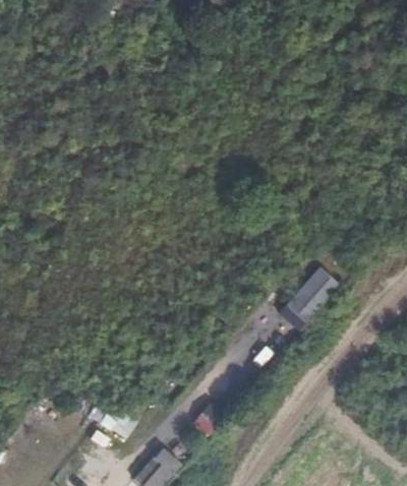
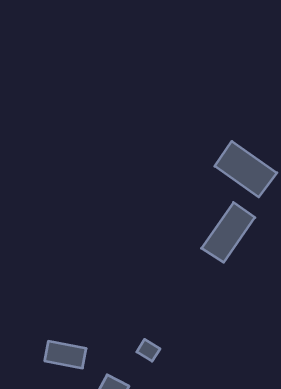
building: none -> [215,141,277,197]

